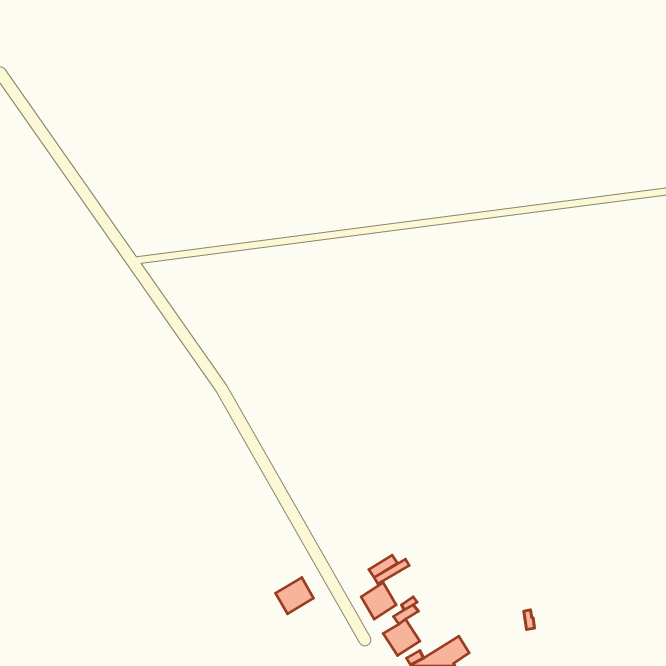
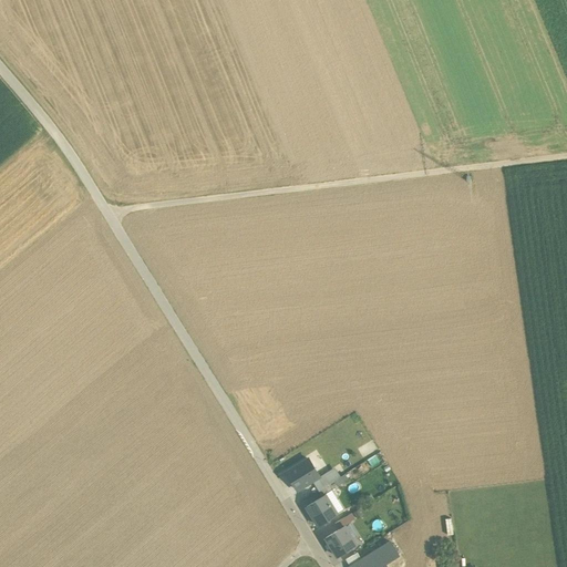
building: [276,577,313,614] -> [287,460,319,491]

